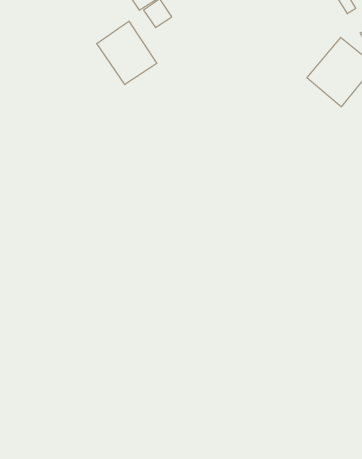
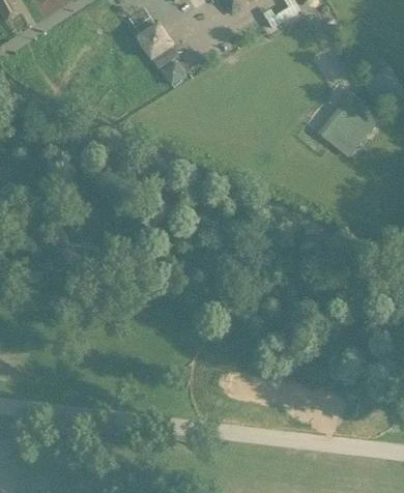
building: [97,21,157,85] -> none

